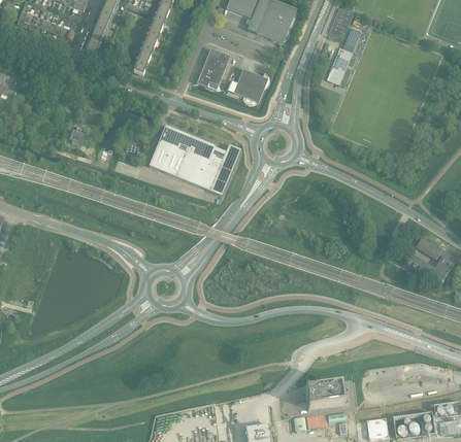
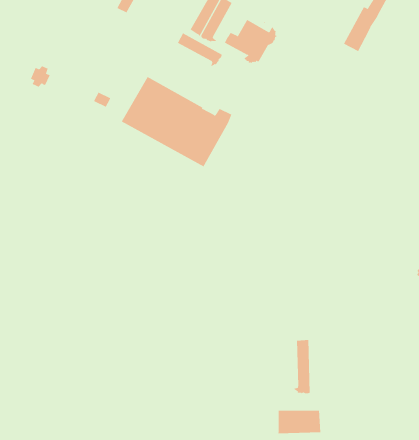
building: none -> [177,33,222,69]
building: none -> [290,339,310,394]

